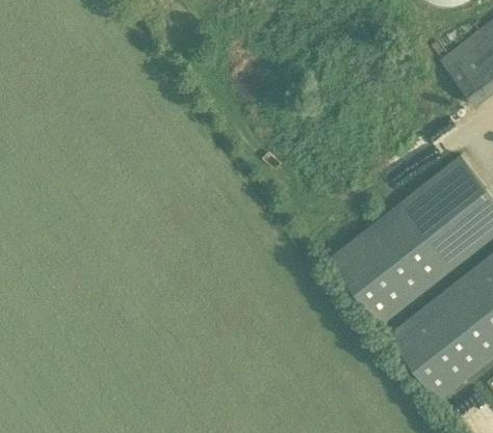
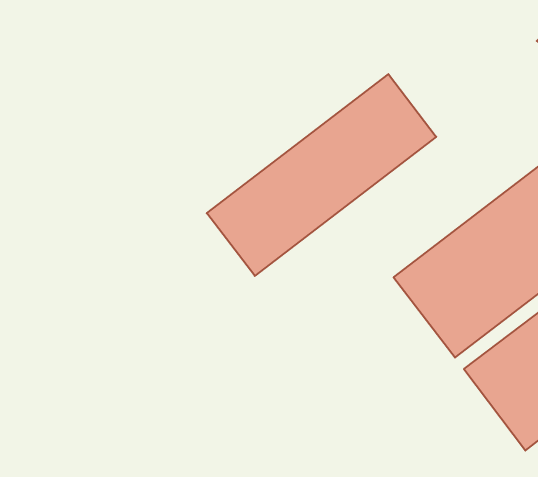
building: none -> [207,74,436,276]

